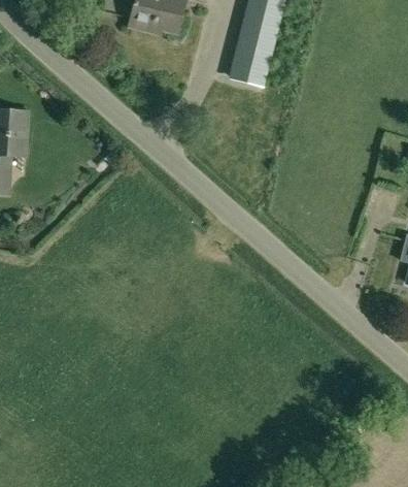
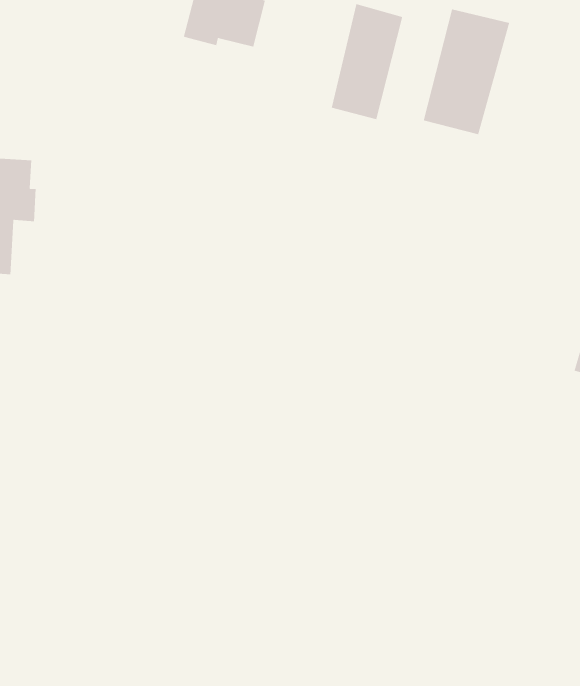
building: none -> [423,9,510,135]

